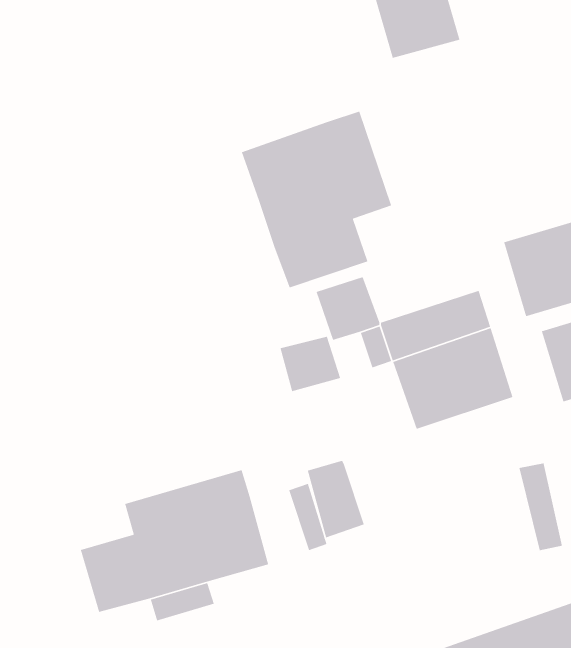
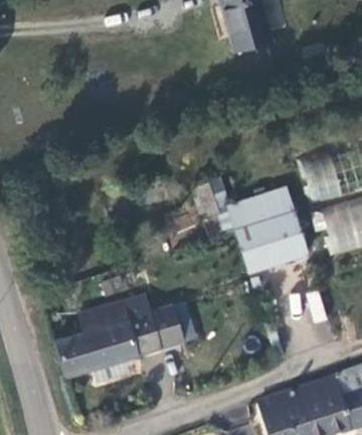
building: [241,111,392,289] -> none
building: [307,460,365,539] -> [152,303,186,349]

